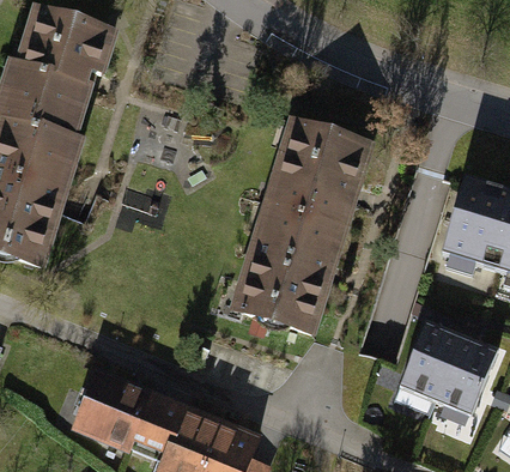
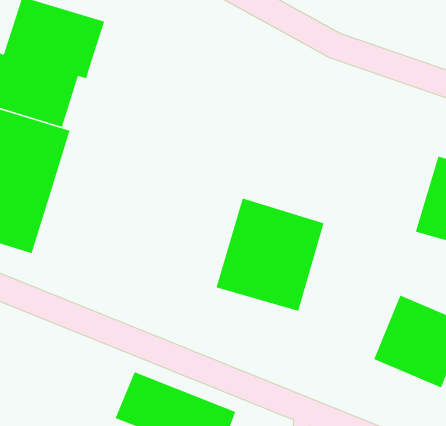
building: [260,123,372,242] -> none
building: [78,374,148,444] -> none

